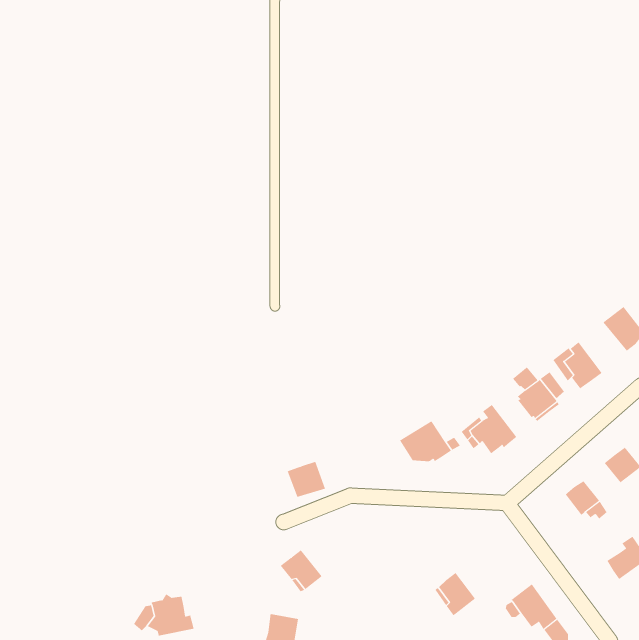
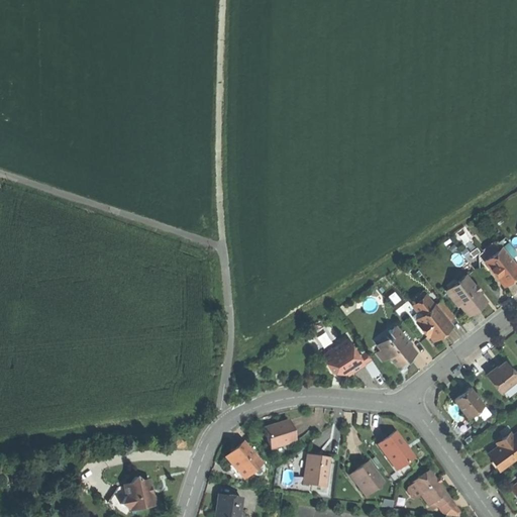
building: [287,461,326,498] -> [266,419,297,448]
building: none -> [379,432,415,470]
building: none -> [304,455,330,487]

